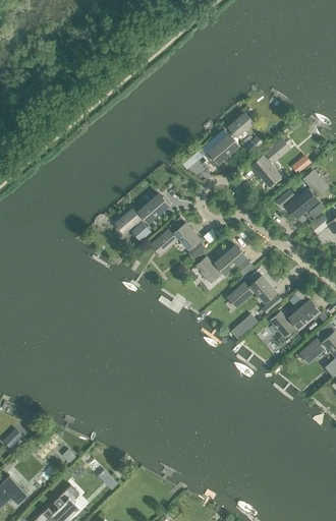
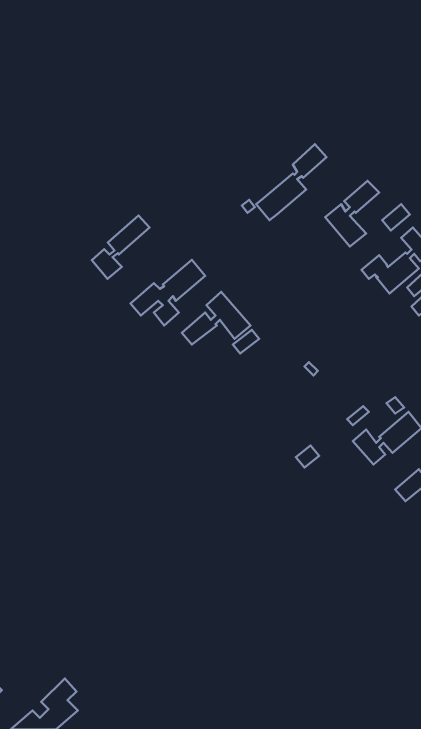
building: none -> [92,216,150,279]
building: [197,245,244,281] -> none
building: [228,276,275,306] -> none

